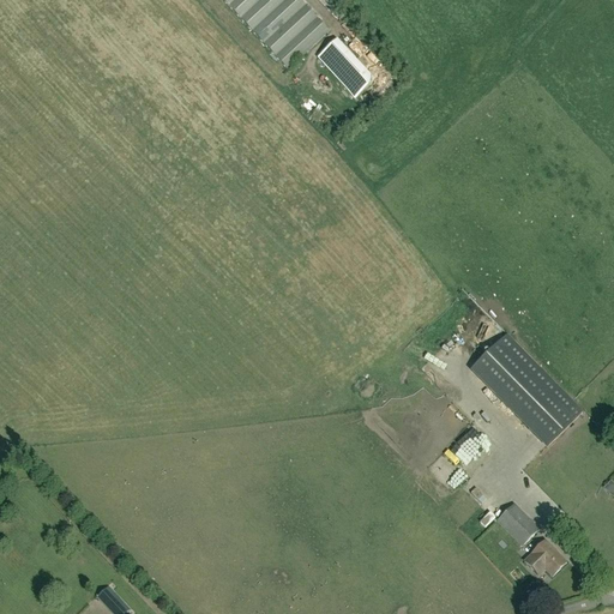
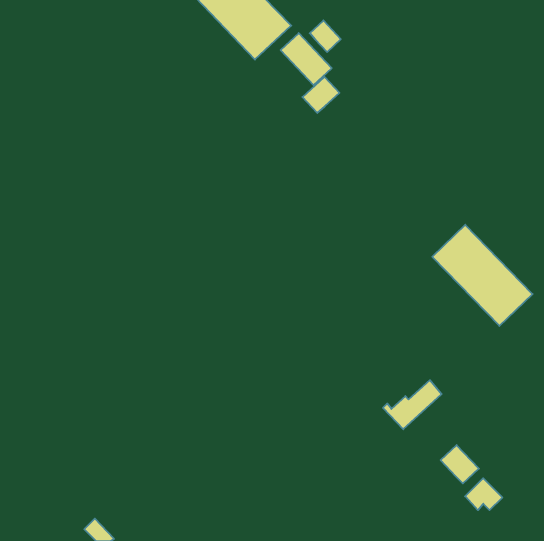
building: none -> [310,20,341,52]
building: none -> [302,77,339,113]
building: [469,331,582,445] -> [432,225,533,326]

